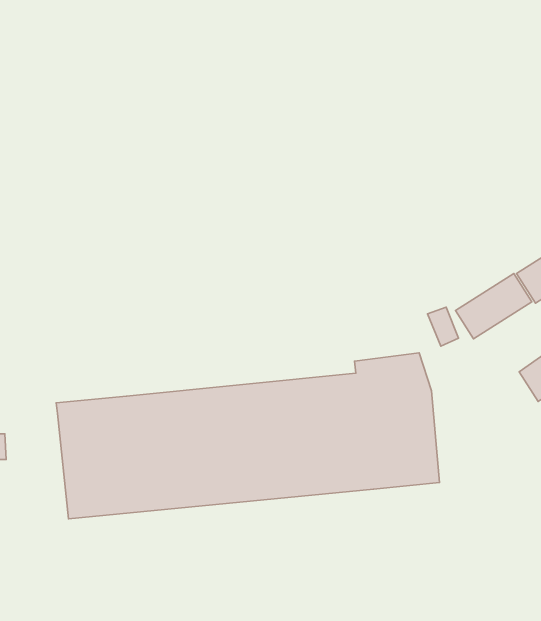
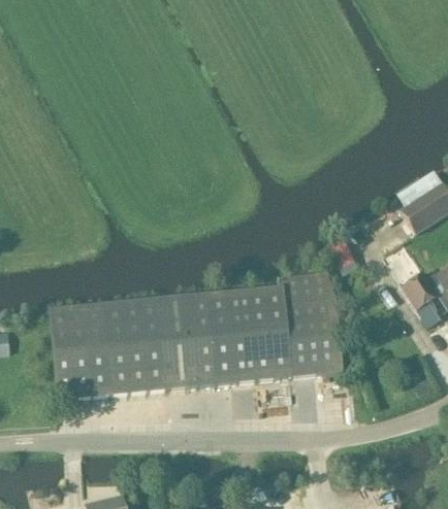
building: [456,273,532,339] -> none

